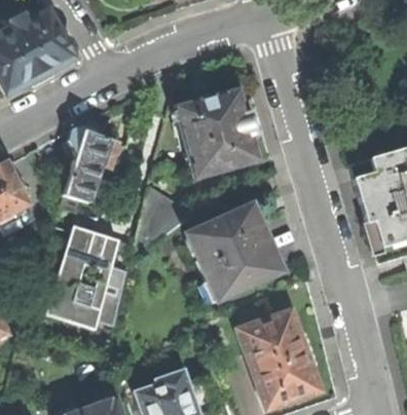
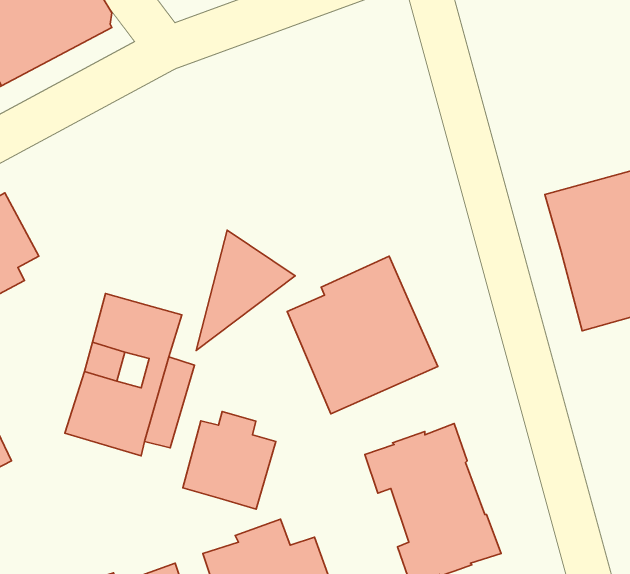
building: [176,87,256,176] -> none
building: [62,123,116,200] -> none
building: none -> [183,412,276,509]

